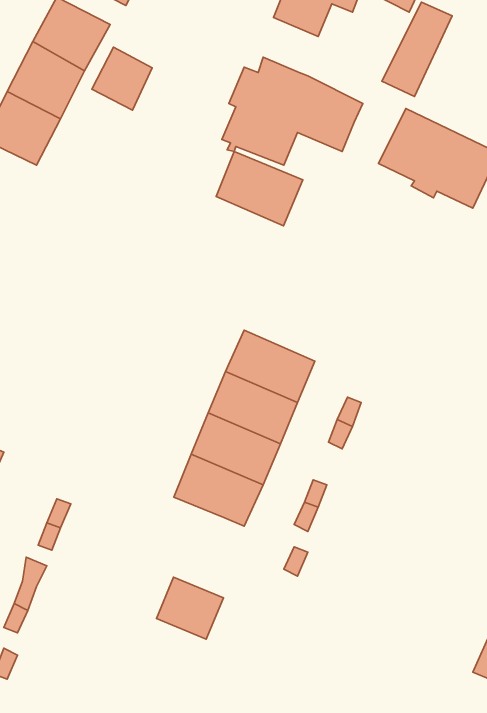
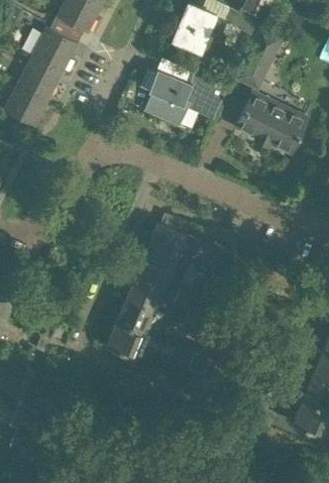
building: [92,47,152,110] -> none
building: [216,152,303,226] -> none
building: [156,577,223,639] -> [105,322,144,358]

